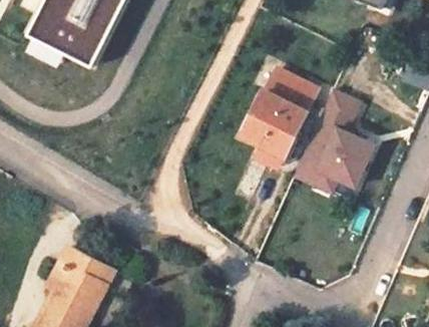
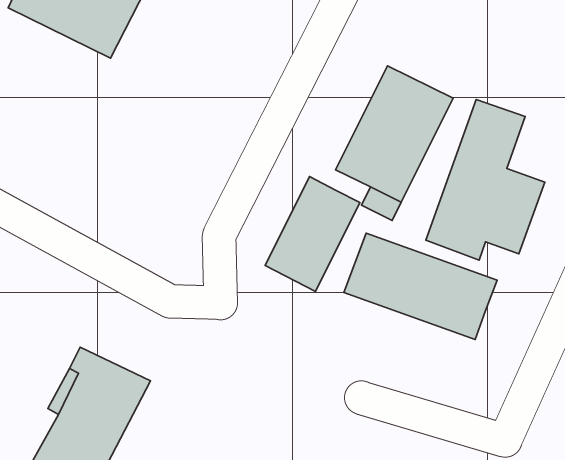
building: none -> [265,177,360,291]
building: none -> [344,233,497,339]

